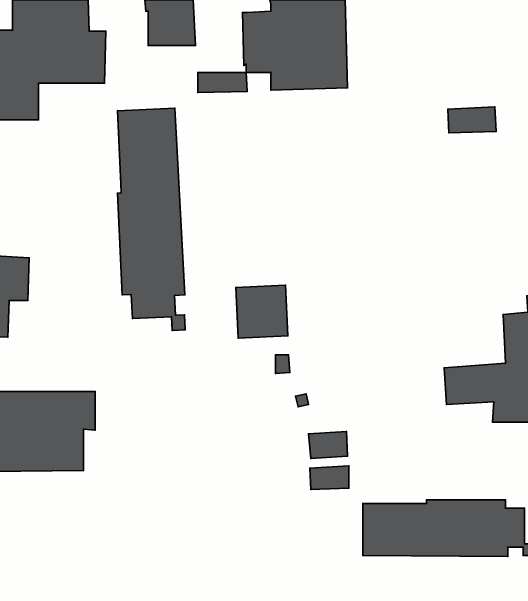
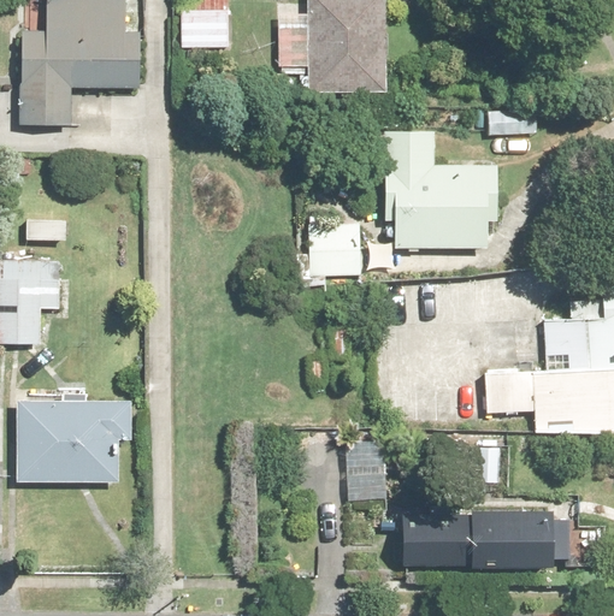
building: [117,108,185,330] -> none
building: none -> [384,130,496,248]
building: [236,285,288,338] -> [309,221,362,276]

